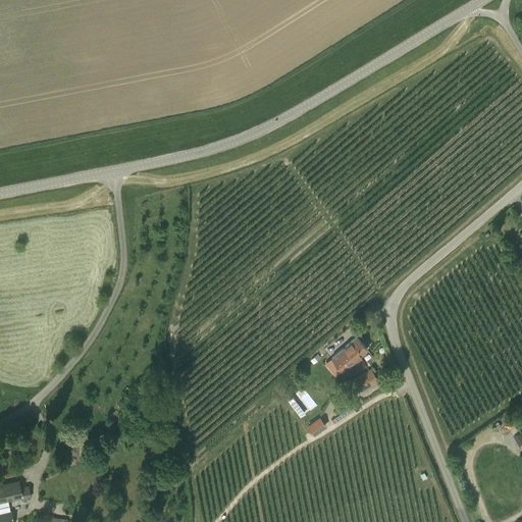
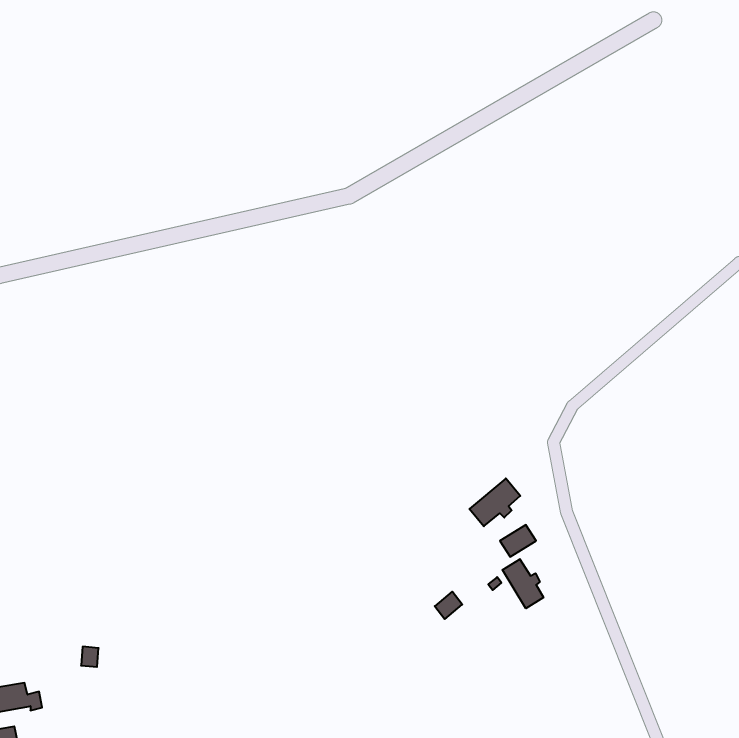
building: none -> [502,559,543,608]

